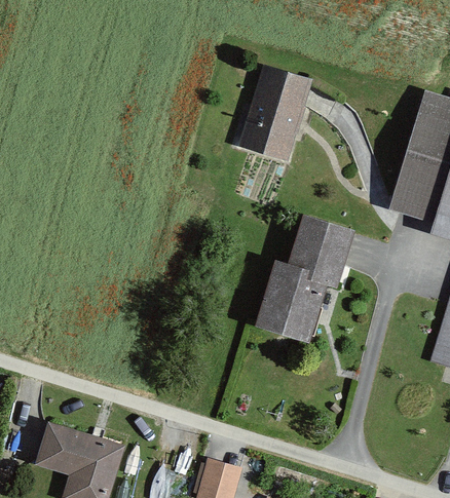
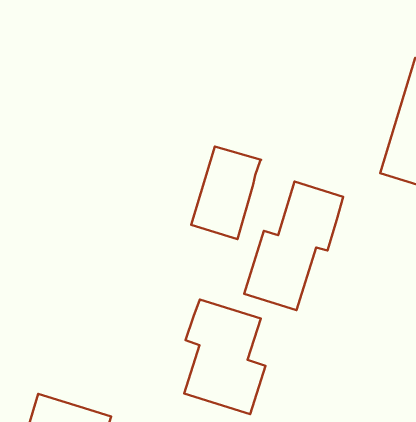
building: [240,68,310,160] -> [191,146,261,239]
building: none -> [184,300,266,414]

